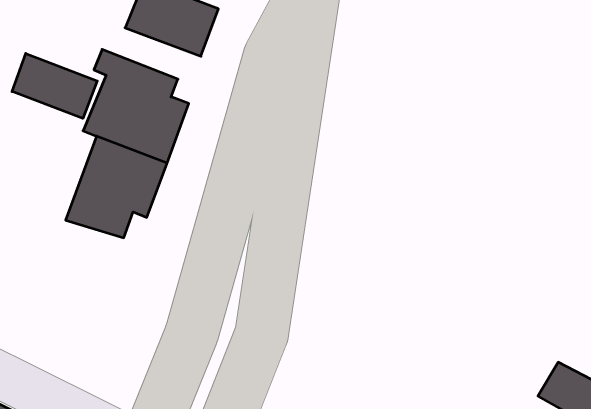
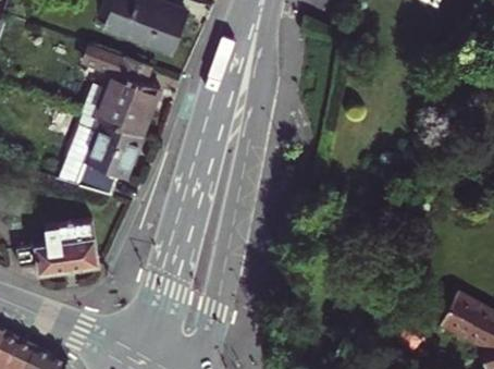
building: [12,53,97,118] -> none
building: none -> [13,219,97,272]

